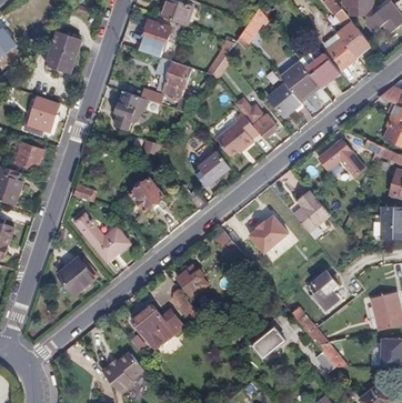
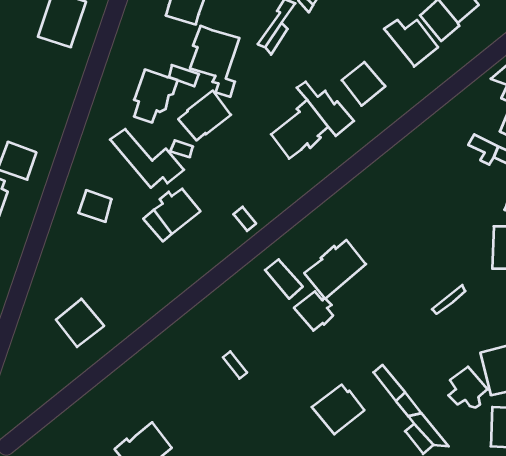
building: [282,62,320,100] -> none
building: [23,95,58,134] -> none
building: [318,139,364,175] -> none
building: [192,150,231,187] -> [178,91,231,140]
building: [293,189,329,232] -> none
building: [74,213,129,256] -> [110,129,184,188]
building: [177,265,205,294] -> [294,291,333,331]
building: [310,272,339,302] -> [448,367,488,407]
building: [131,303,184,349] -> none

